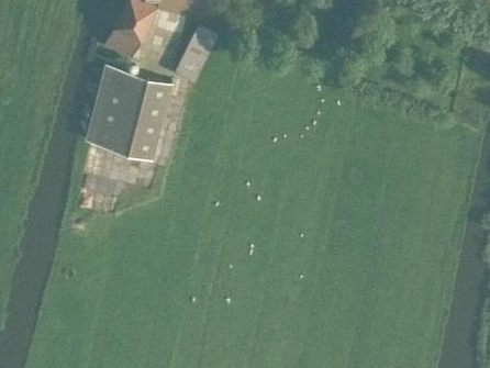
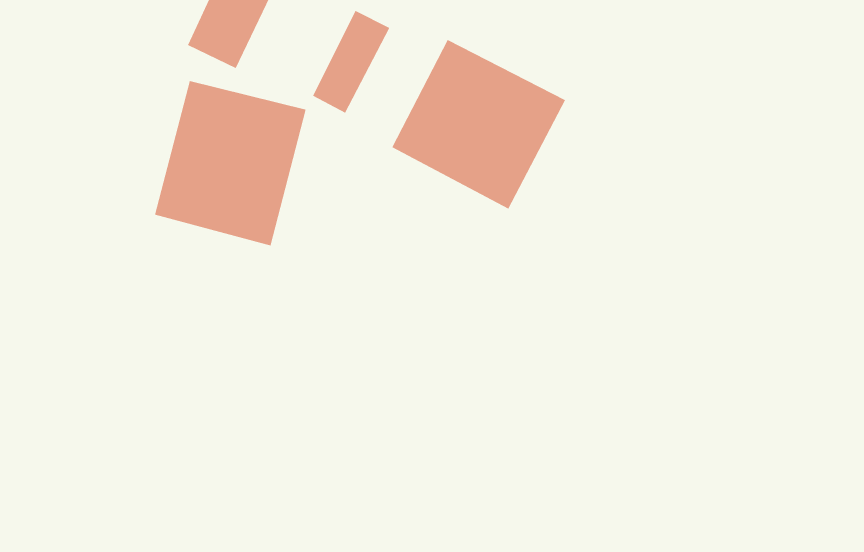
building: none -> [392,39,566,209]

